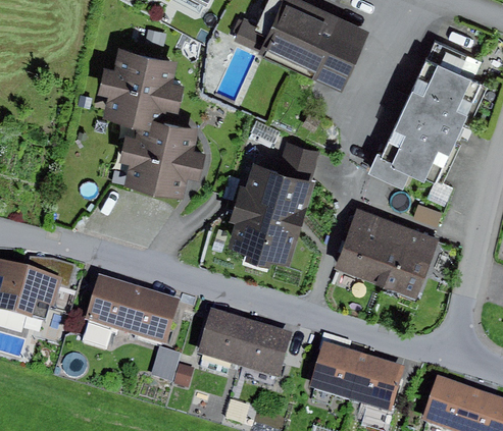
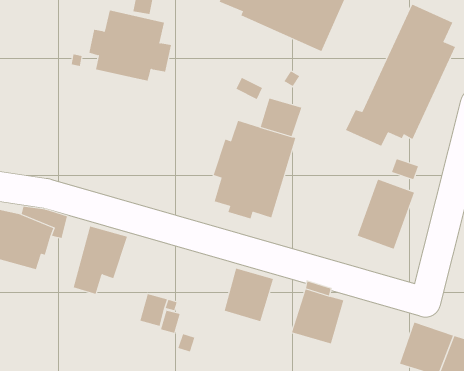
building: [116,120,204,200] -> none
building: [337,211,399,285] -> none
building: [124,286,178,343] -> none
building: [197,307,251,364] -> none
building: [351,353,403,410] -> none

